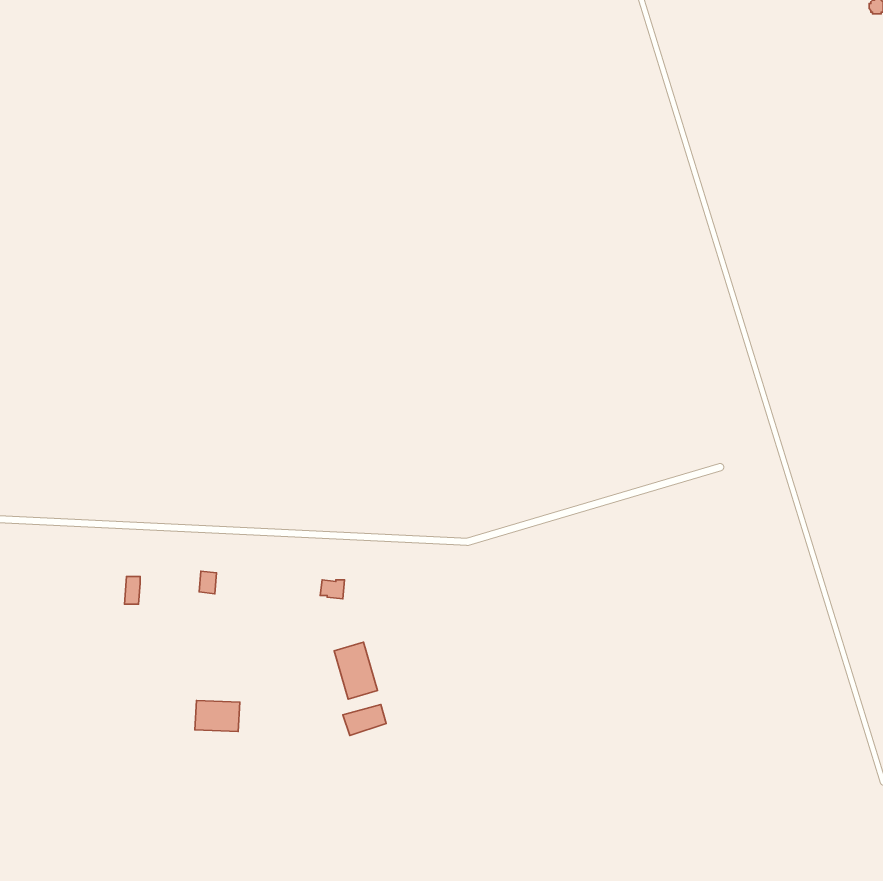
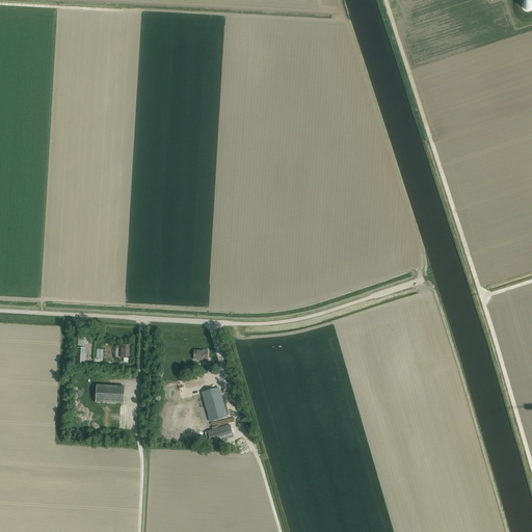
building: [195,700,240,732] -> [96,383,123,402]

